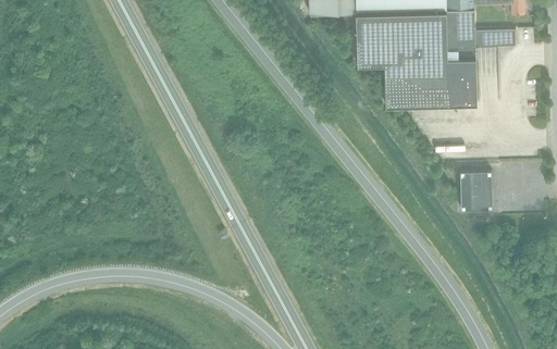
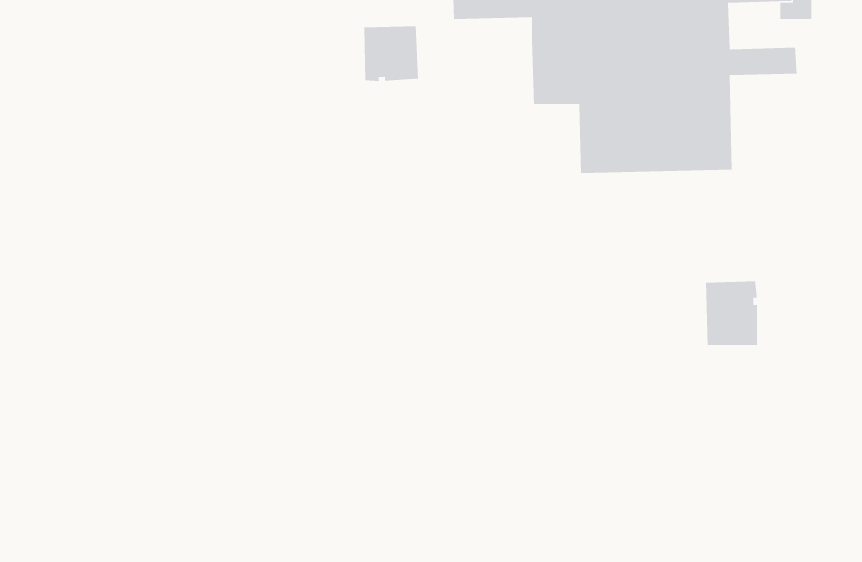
building: none -> [364,25,419,82]

